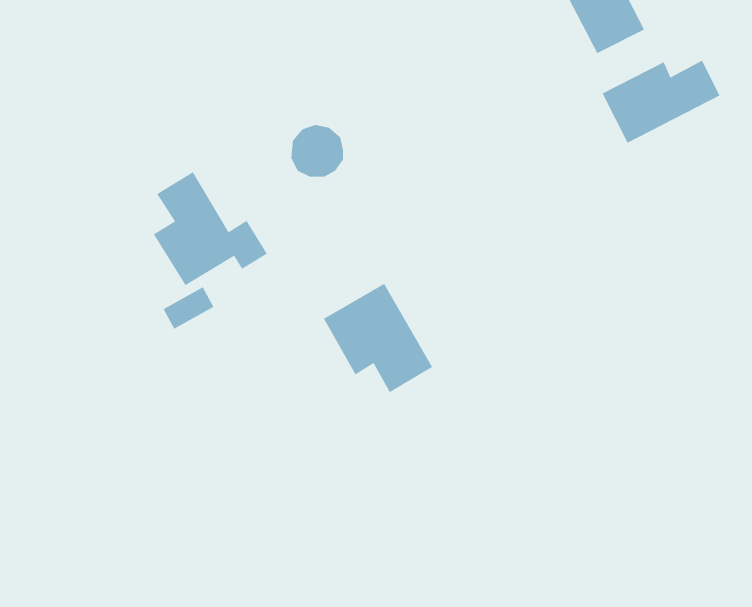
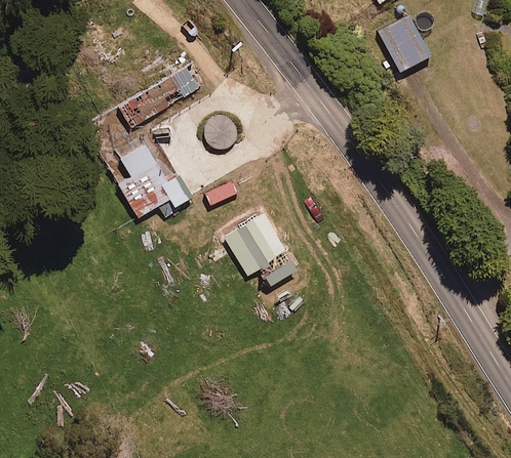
building: none -> [120,63,205,126]
building: [602,60,720,144] -> none

